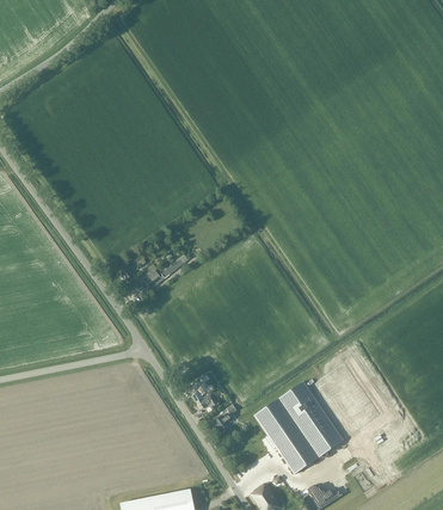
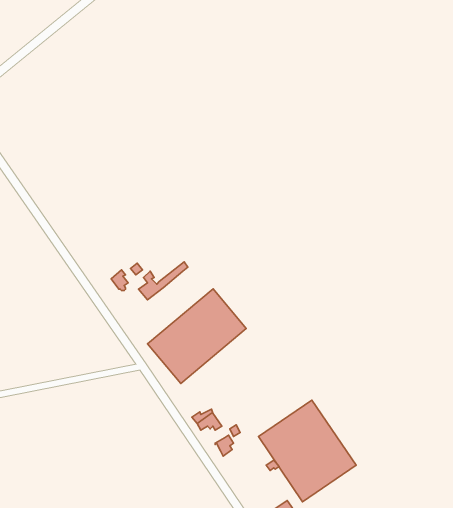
building: none -> [147,289,246,384]

